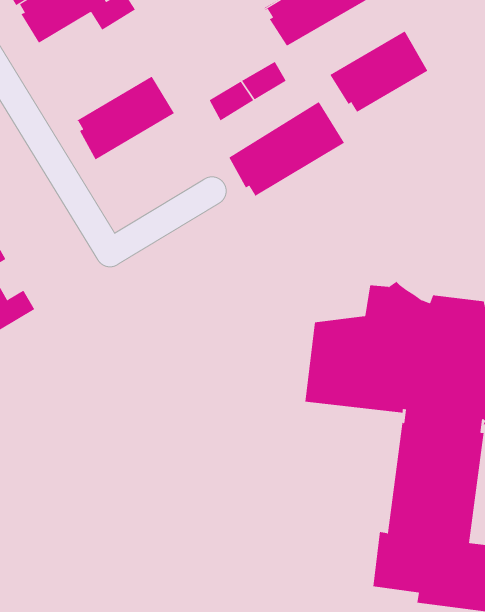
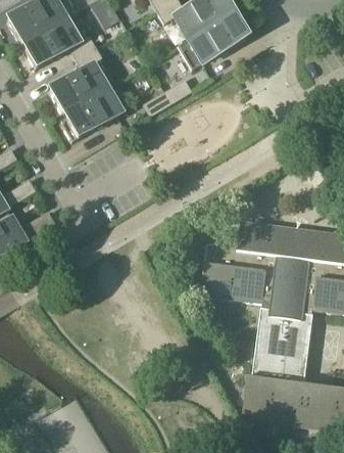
building: none -> [49,44,107,116]
building: [330,30,428,115] -> none
building: [228,101,345,198] -> none

